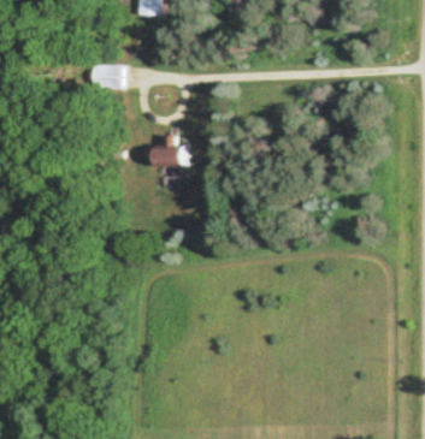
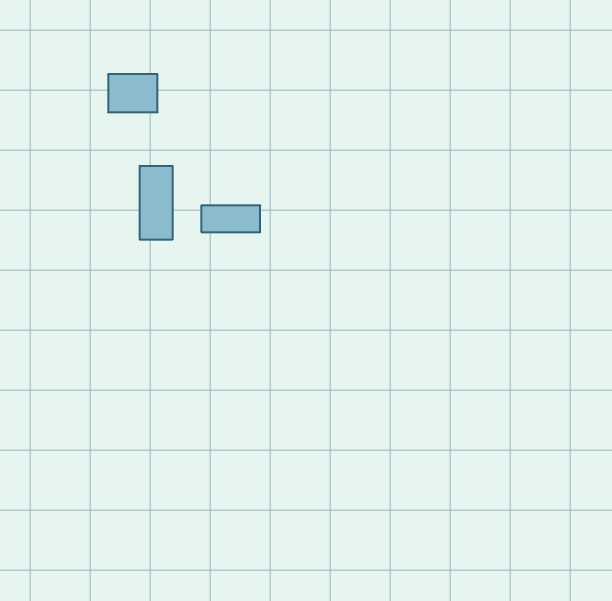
building: none -> [140,166,172,240]

